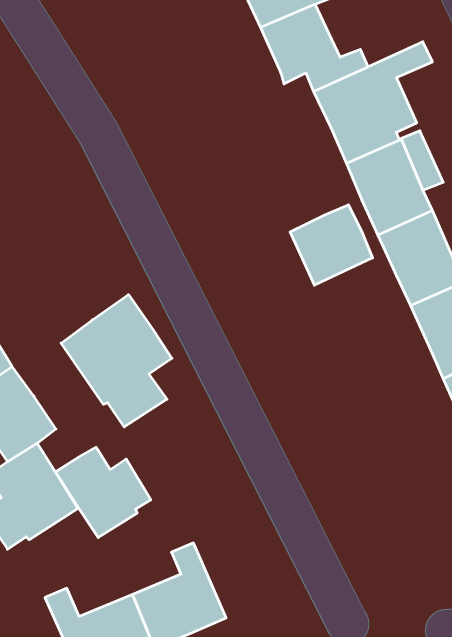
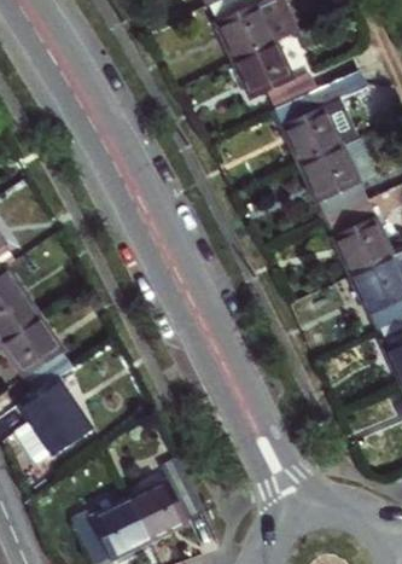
building: [290,205,373,285] -> none
building: [61,295,172,427] -> none
building: [56,447,151,538] -> none

